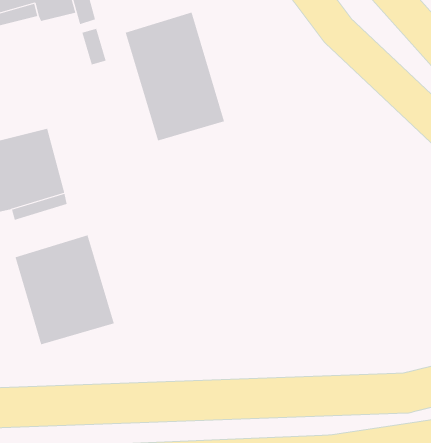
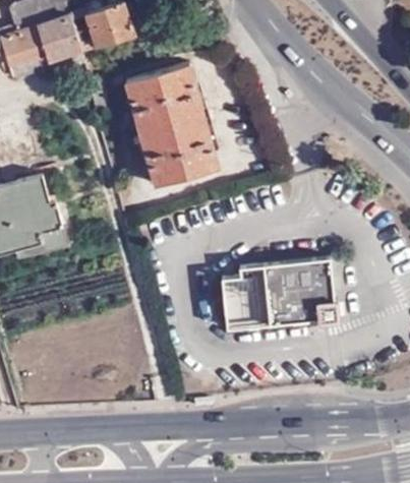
building: none -> [215,260,334,333]
building: [15,234,115,345] -> none

